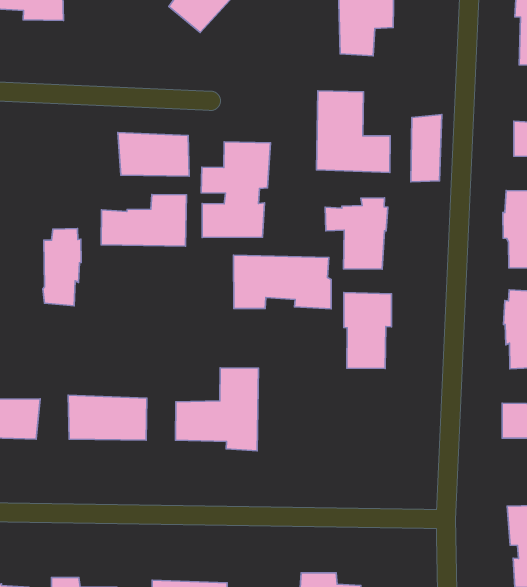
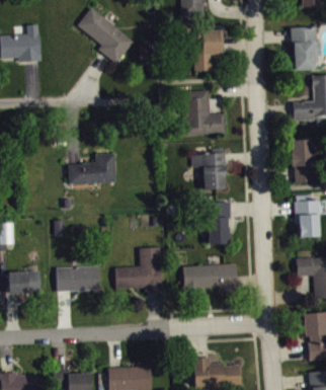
building: [411,114,442,182] -> none
building: [118,132,189,176] -> none
building: [201,142,271,238] -> none
building: [43,229,81,306] -> none
building: [234,255,331,309] -> [183,263,239,295]

